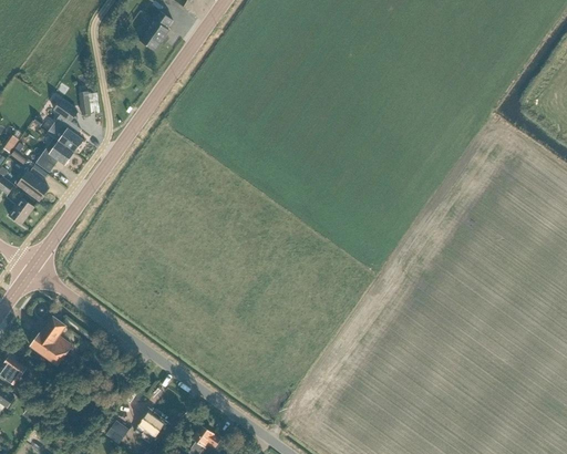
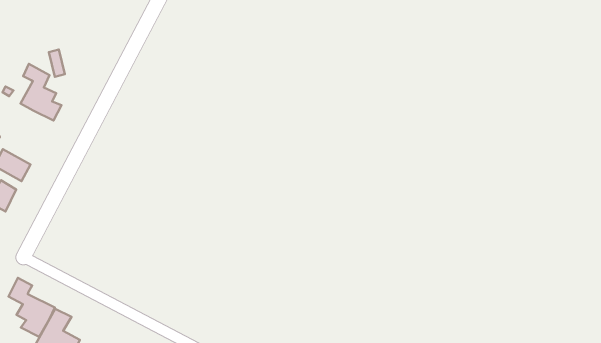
building: [40,141,74,165] -> none
building: none -> [8,278,55,337]

